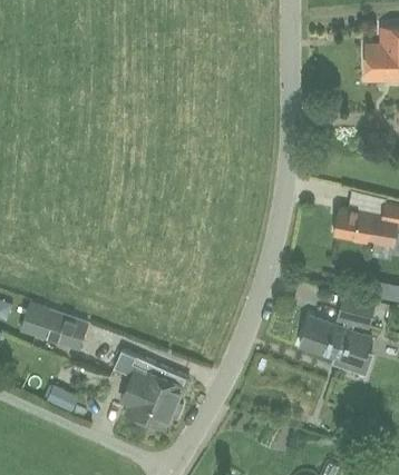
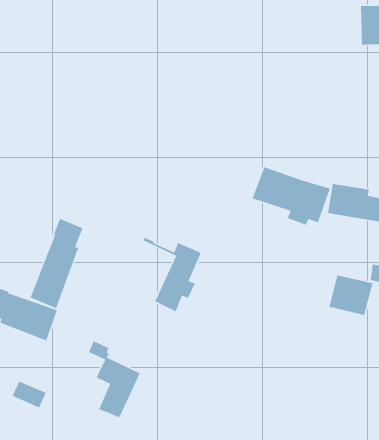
building: none -> [29,218,84,309]
building: [299,316,371,370] -> [252,166,331,226]
building: [134,363,188,432] -> [142,237,202,312]

